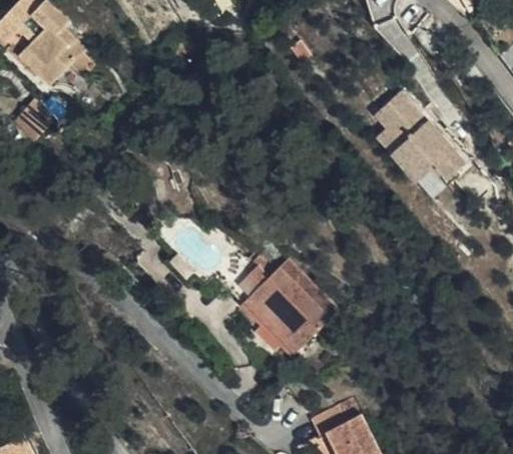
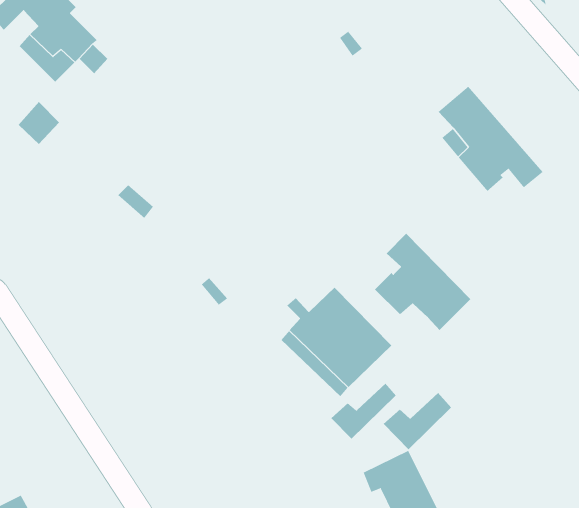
building: none -> [374,233,471,331]
building: none -> [331,383,396,440]
building: none -> [383,392,452,450]

